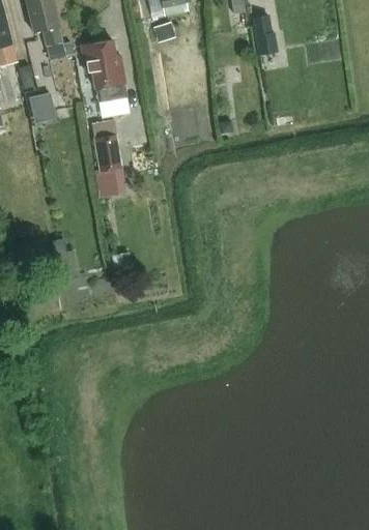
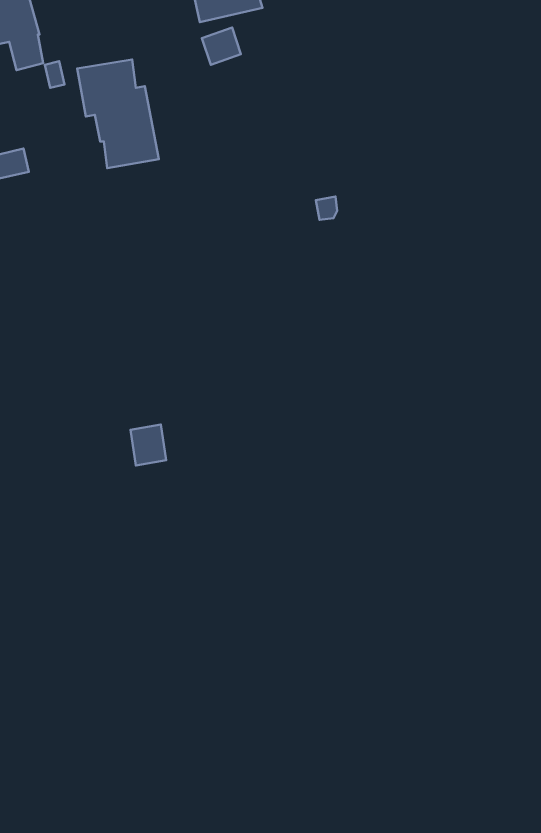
building: [252,16,277,51] -> none
building: [92,120,122,188] -> none

